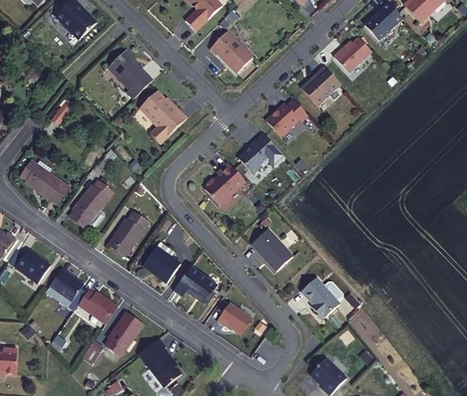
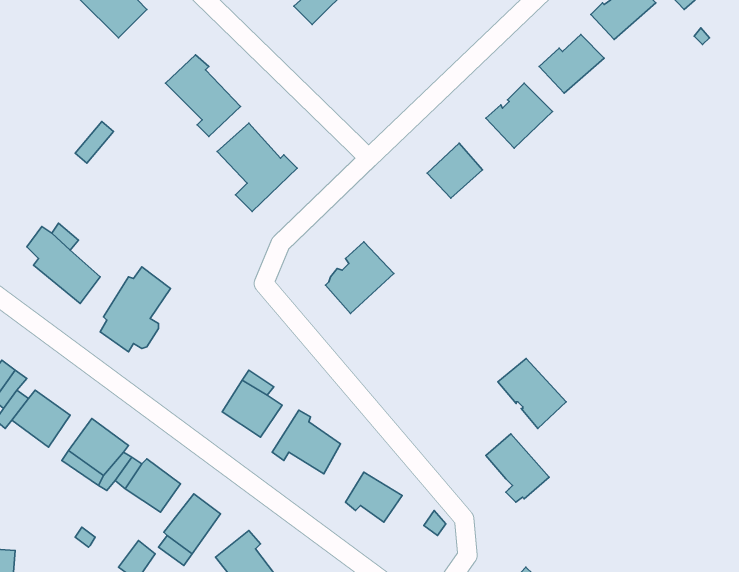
building: [209,30,253,72] -> none
building: [237,134,277,173] -> none
building: [106,211,148,255] -> none
building: [251,229,292,271] -> [498,358,566,429]

